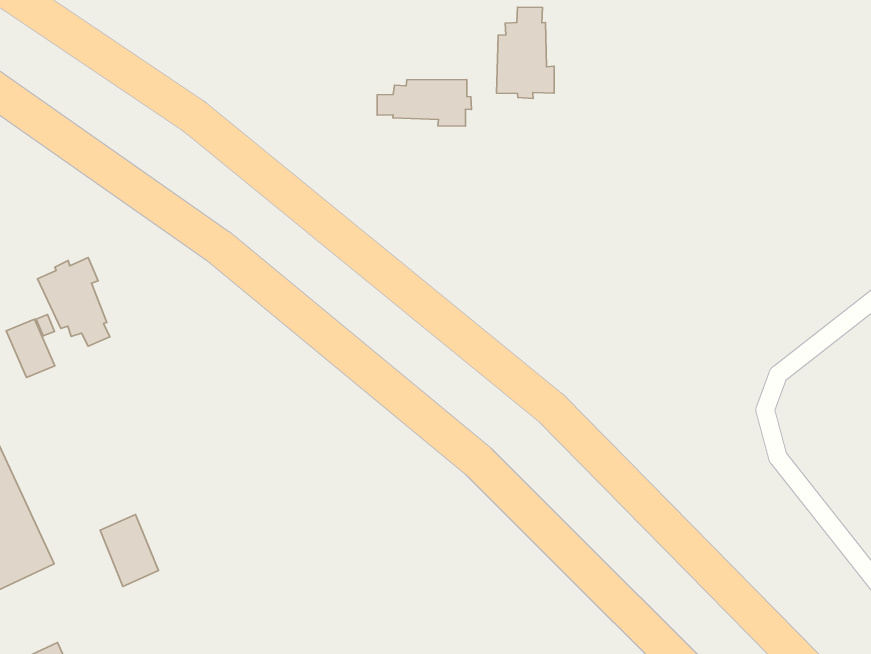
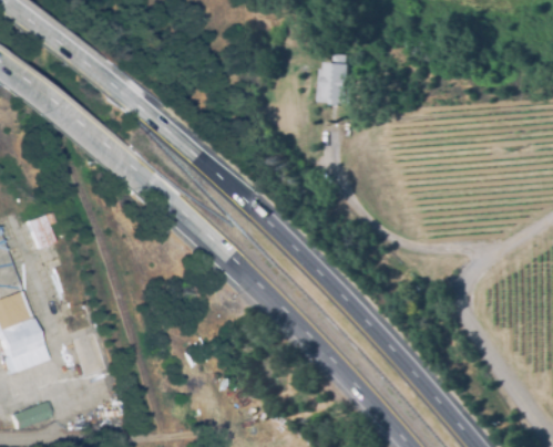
building: [377,79,471,126] -> none
building: [38,257,110,346] -> none

